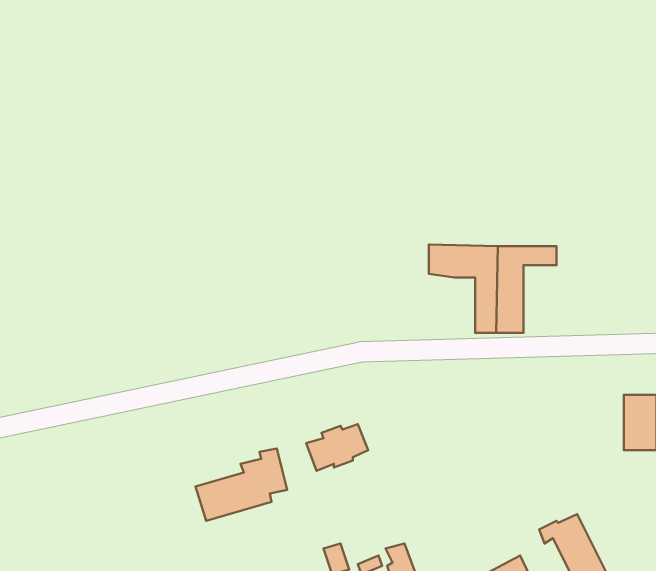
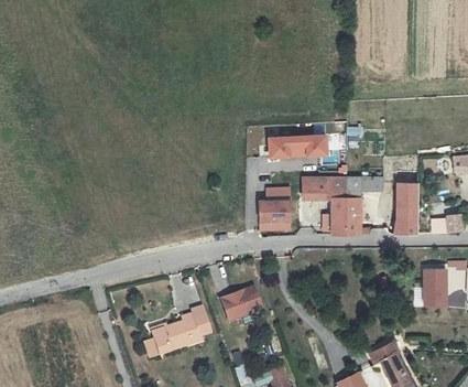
building: none -> [269,136,327,159]
building: none -> [394,180,420,230]
building: none -> [259,187,291,229]

